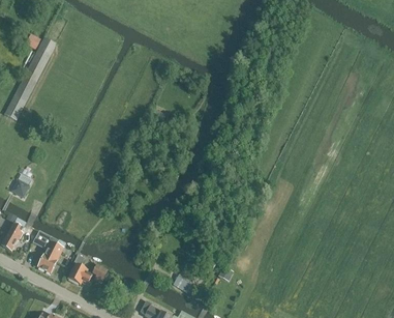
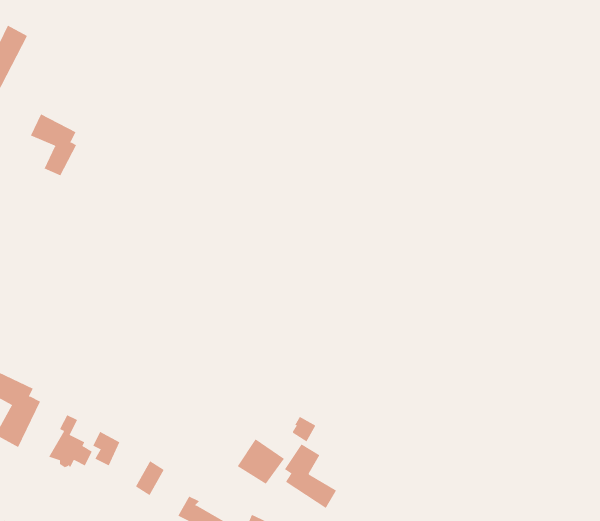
building: none -> [30,113,77,176]
building: none -> [284,444,337,509]

